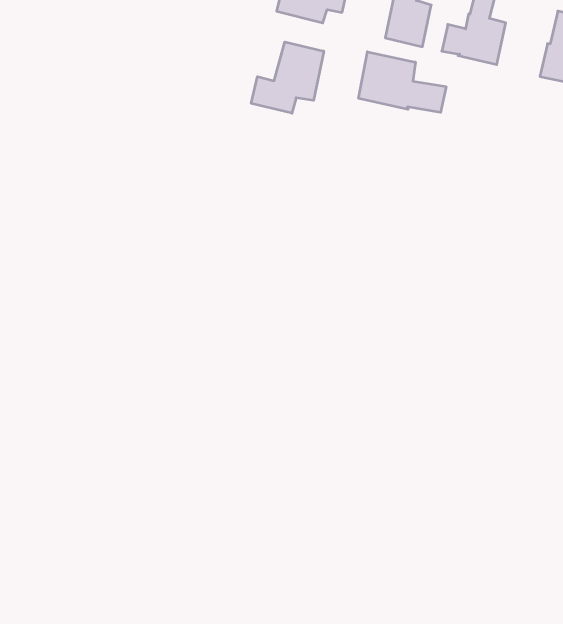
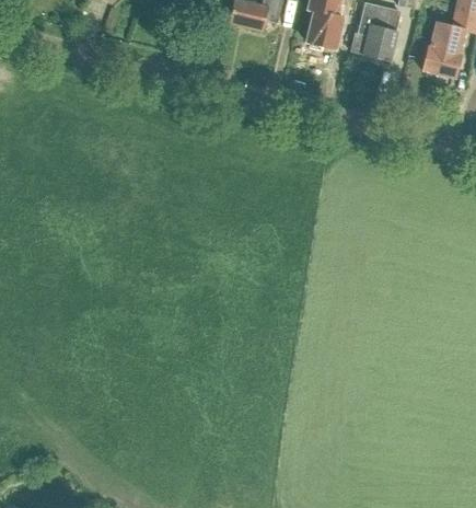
building: [251,42,324,113] -> none
building: [359,52,446,112] -> none

